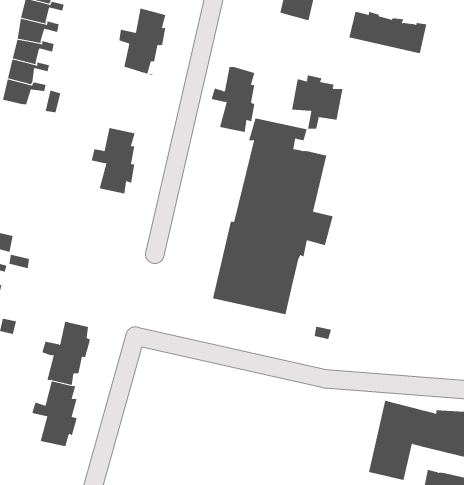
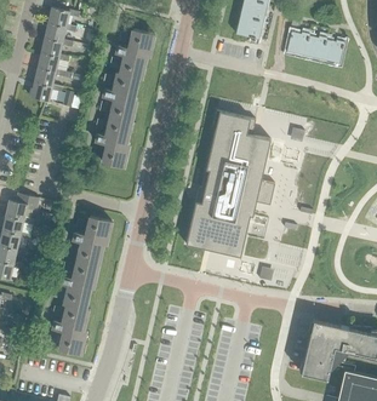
building: [211,66,255,134] -> [103,73,136,122]
building: [291,72,344,130] -> none
building: none -> [73,217,112,265]

